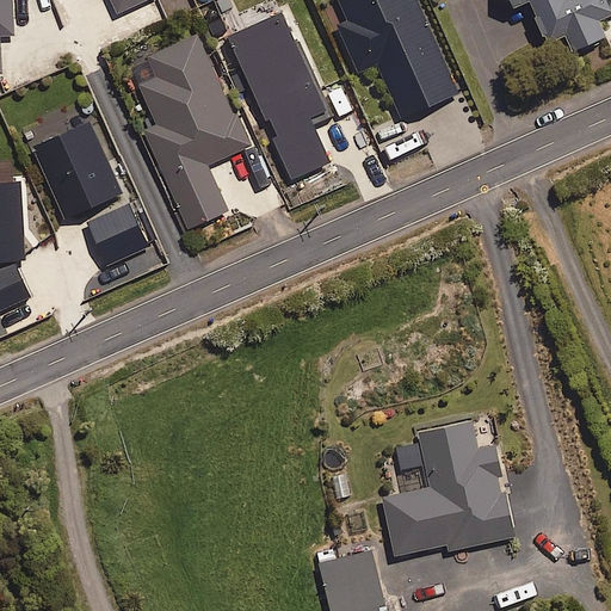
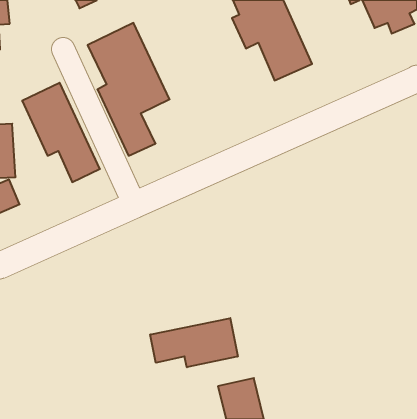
building: [227,10,329,180] -> none
building: [382,421,513,554] -> none
building: none -> [150,318,238,367]

